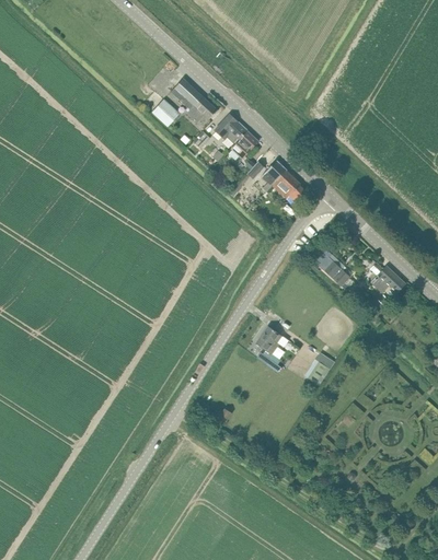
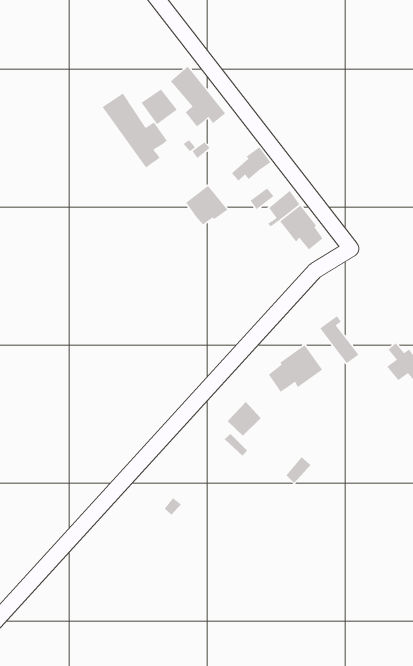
building: none -> [101,92,168,168]
building: [214,114,247,145] -> [185,185,228,226]
building: none -> [268,344,323,393]

